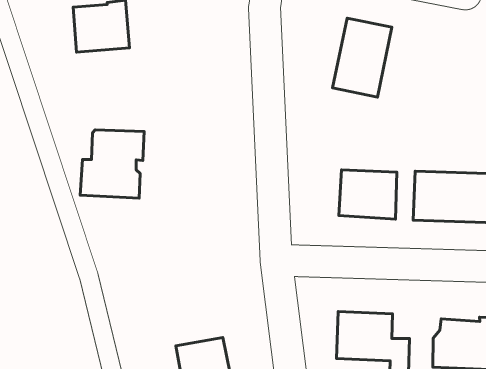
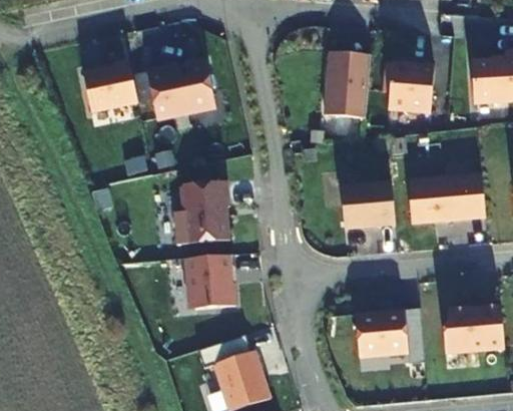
building: none -> [146,63,214,119]
building: none -> [388,62,434,113]
building: [80,130,144,198] -> [174,181,229,246]
building: none -> [185,256,234,310]

